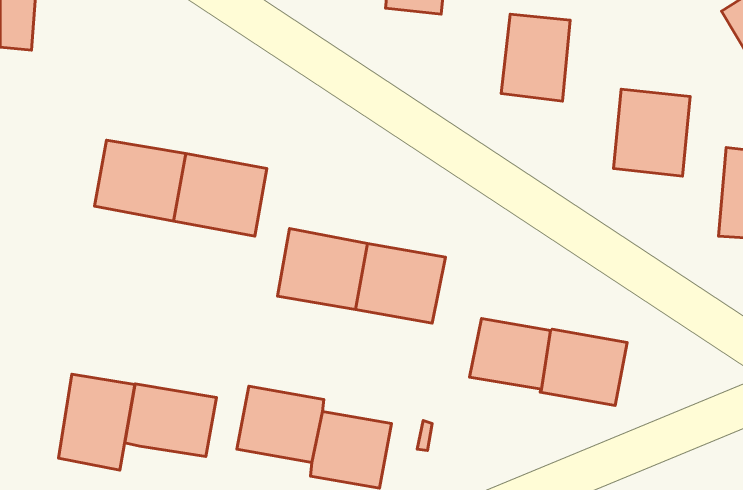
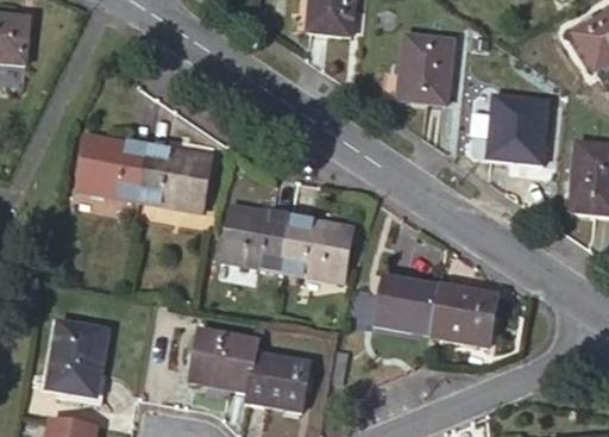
building: [125,384,216,457] -> none

